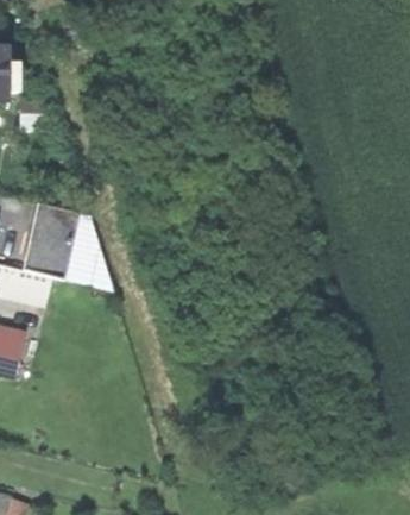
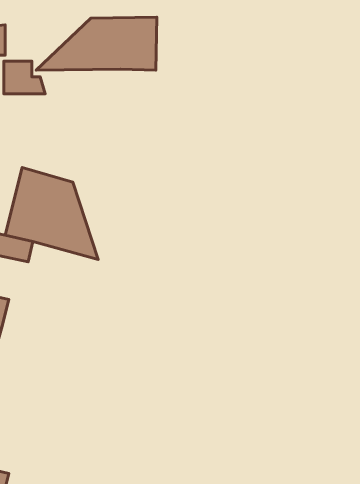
building: none -> [36,17,157,70]

